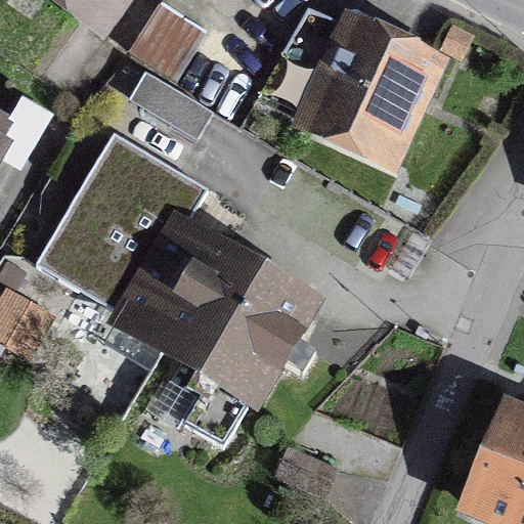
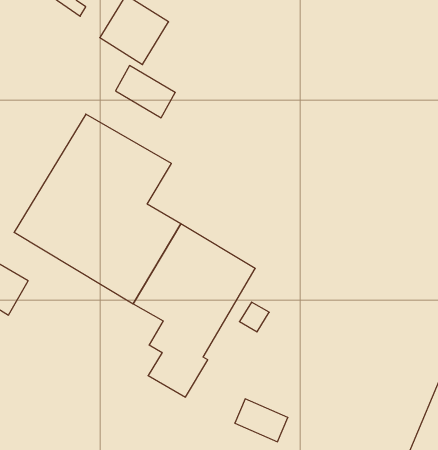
building: [259,15,430,156] -> none

